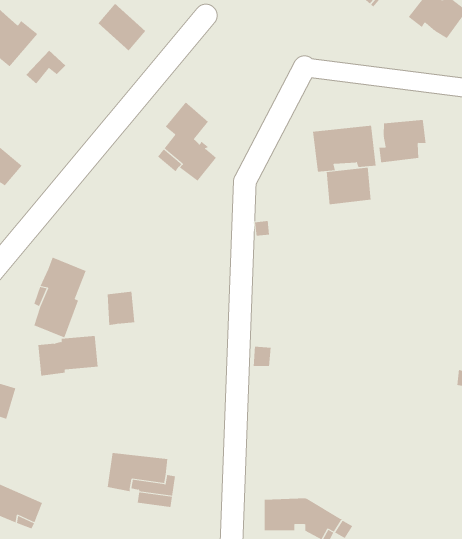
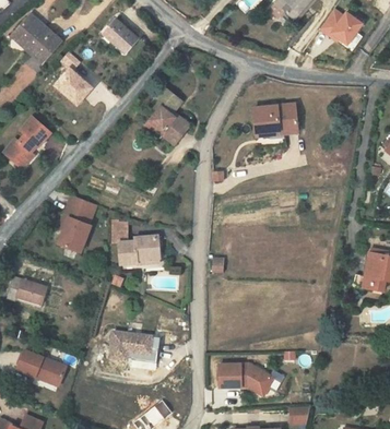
building: none -> [56,68,93,104]
building: [379,119,426,163] -> none
building: [326,167,371,205] -> none
building: [37,335,99,376] -> [118,236,161,264]

